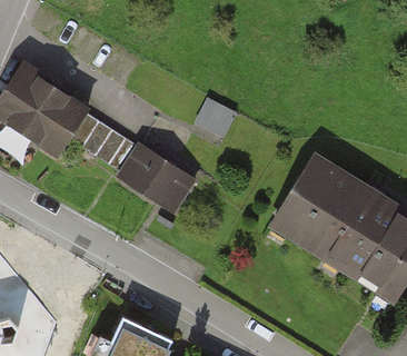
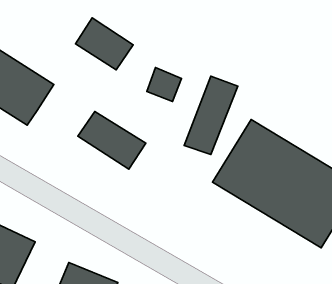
building: none -> [184,76,238,155]
building: [75,115,139,172] -> [75,18,133,70]

